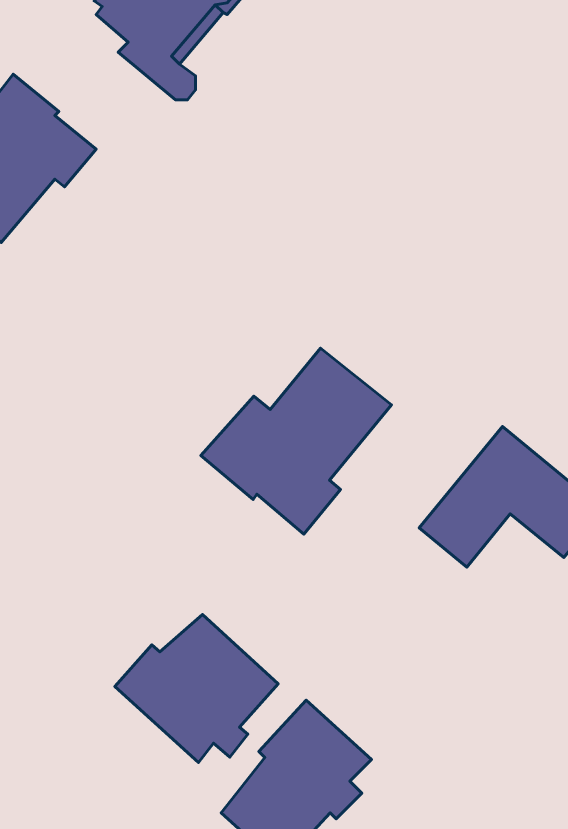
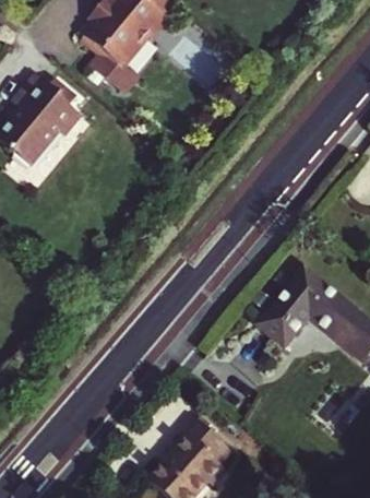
building: [201,348,391,534] -> none
building: [115,615,278,763] -> none

